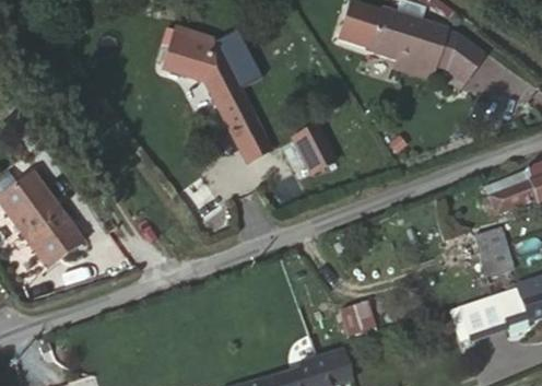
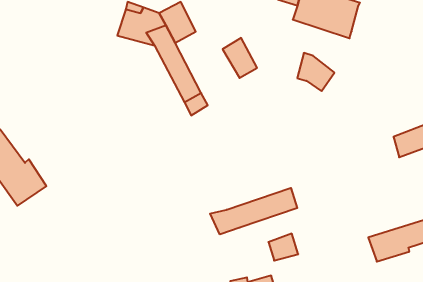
building: [437,35,481,80] -> [297,53,334,91]
building: [293,126,333,173] -> [223,38,257,78]
building: [475,226,514,276] -> none
building: none -> [210,188,297,234]

